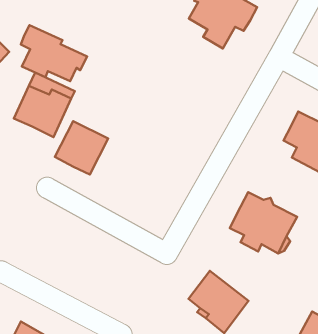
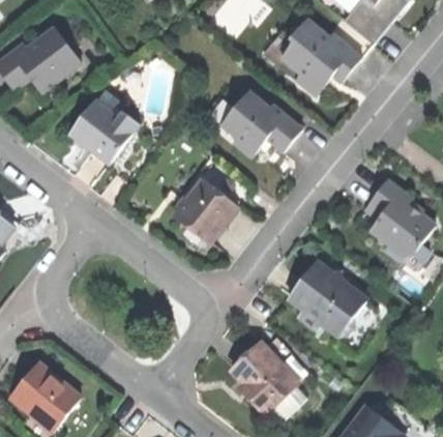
building: [21,25,87,81] -> none
building: none -> [226,93,301,158]
building: [55,121,108,175] -> [175,179,237,241]

